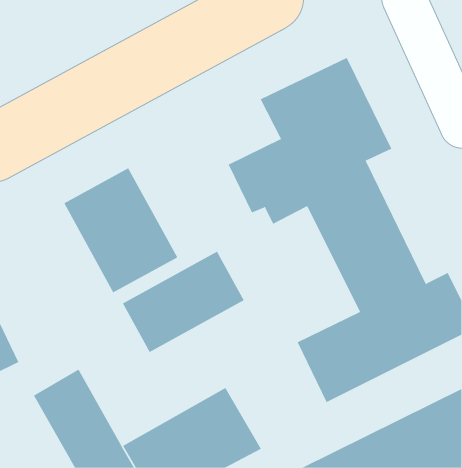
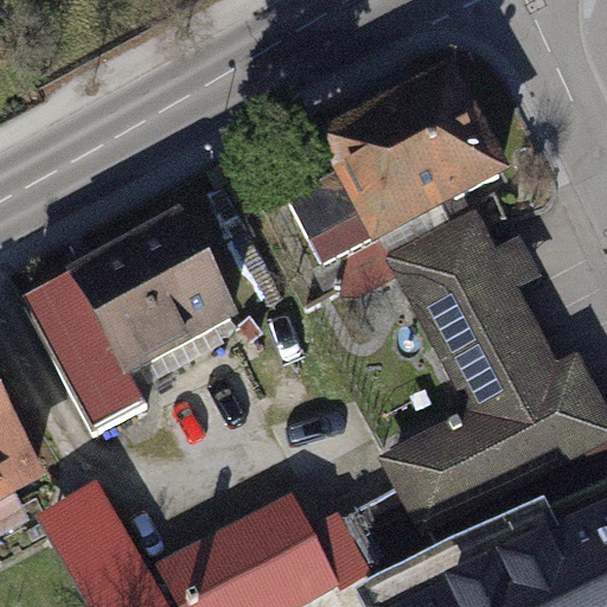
building: none -> [23,262,154,424]
building: [122,251,245,353] -> none

